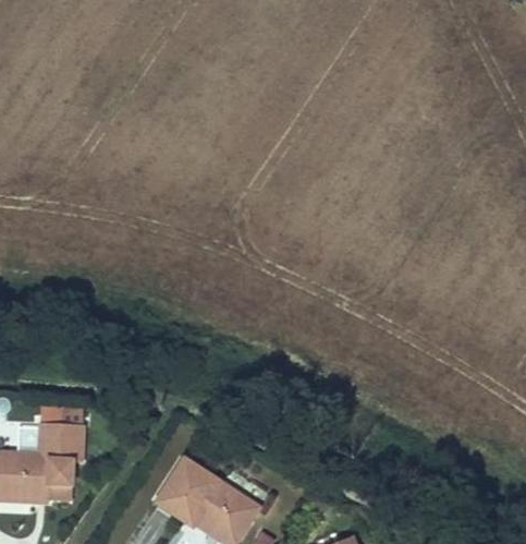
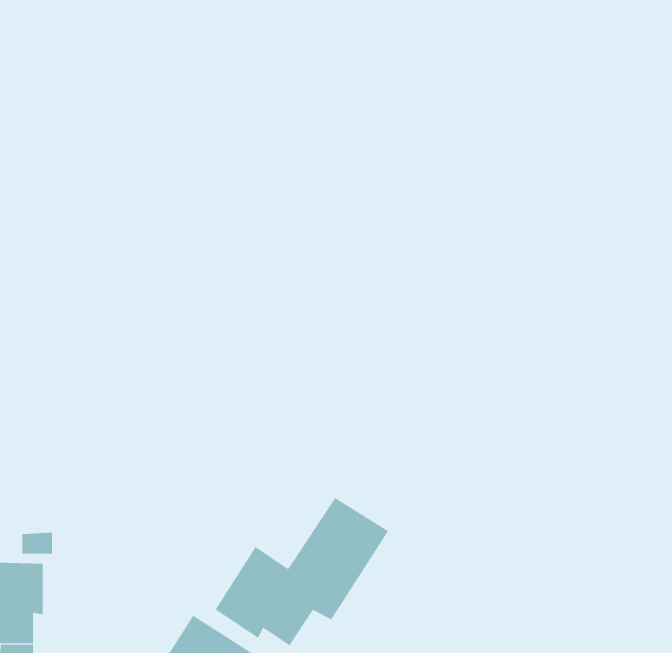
building: none -> [215,497,389,646]

